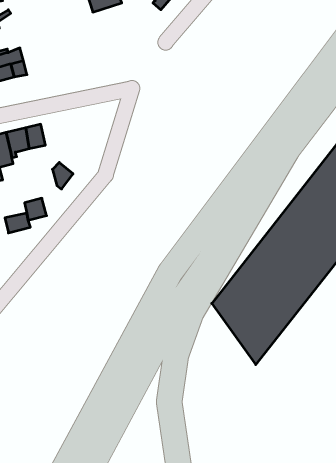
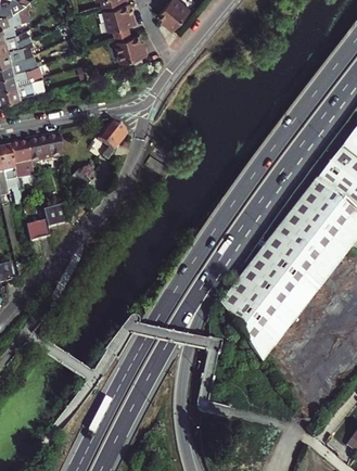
building: none -> [115,33,149,61]
building: none -> [97,120,128,157]

